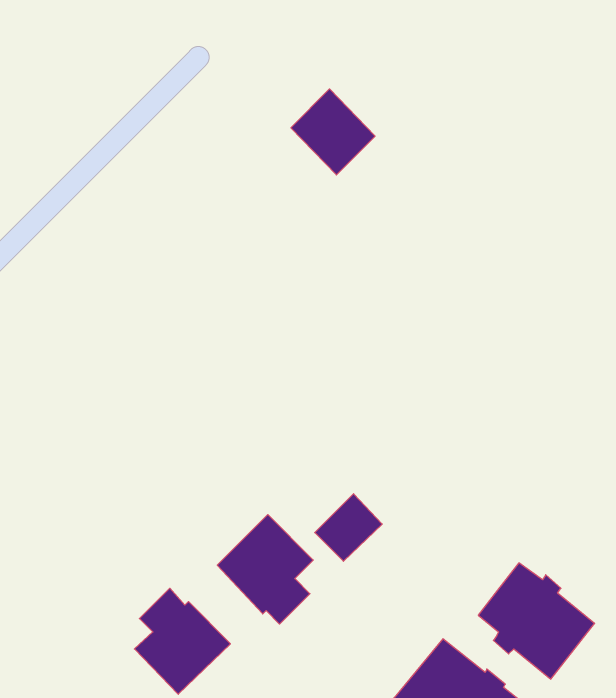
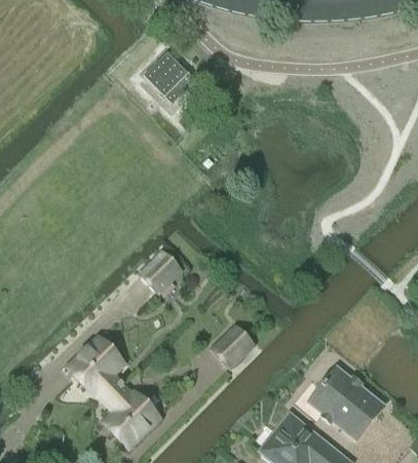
building: [291,89,375,175] -> [145,51,196,104]
building: none -> [140,253,181,294]
building: [217,515,313,624] -> [68,336,126,402]

